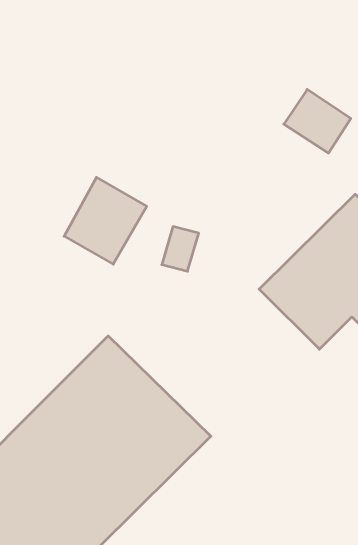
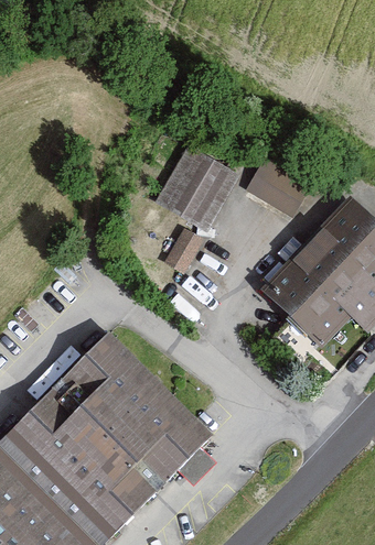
building: [284,89,351,153] -> [243,157,309,220]
building: [64,177,147,264] -> [157,146,238,232]

